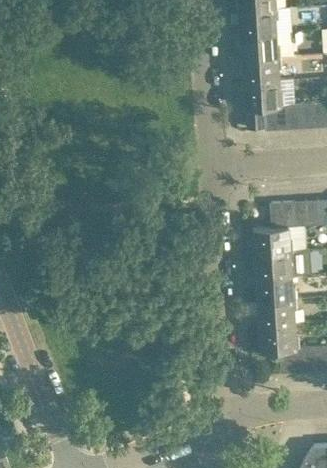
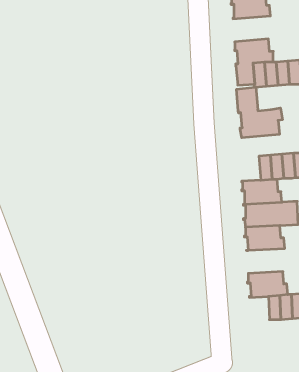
building: [243,57,283,84] -> none
building: none -> [237,87,282,138]
building: [257,299,298,325] -> none

